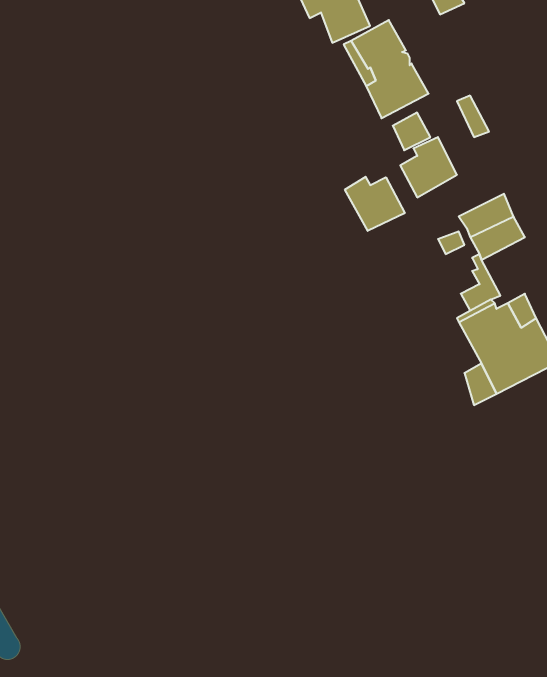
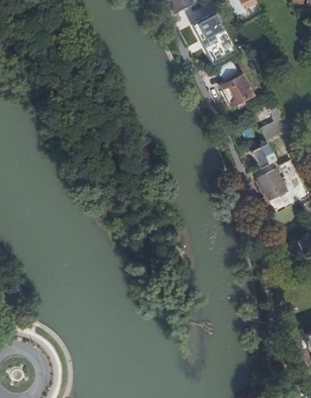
building: [345,177,405,231] -> none

